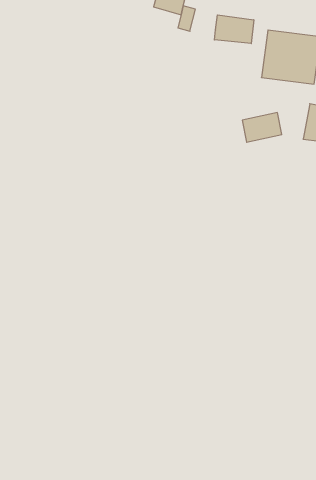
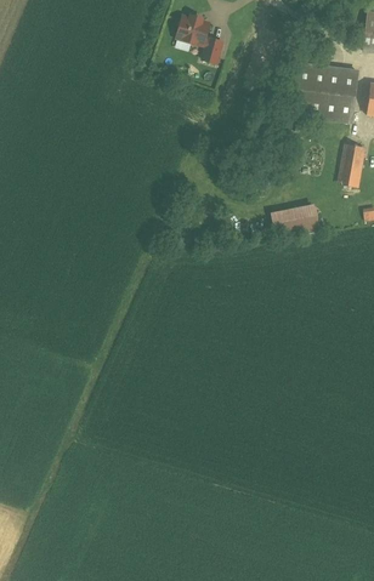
building: [214,15,254,44] -> none
building: [242,113,282,142] -> [273,204,317,237]

